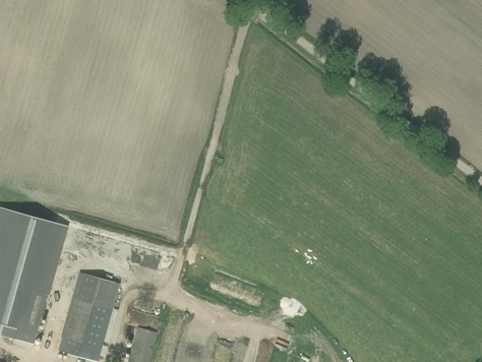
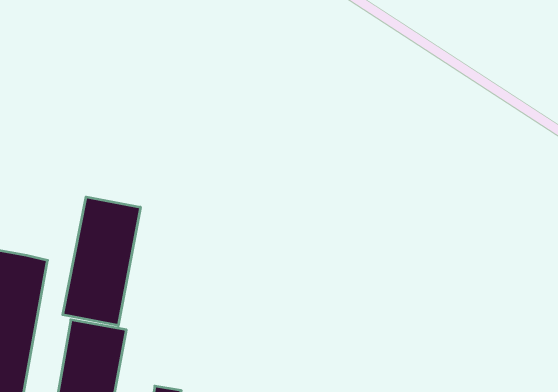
building: none -> [63,197,140,326]

